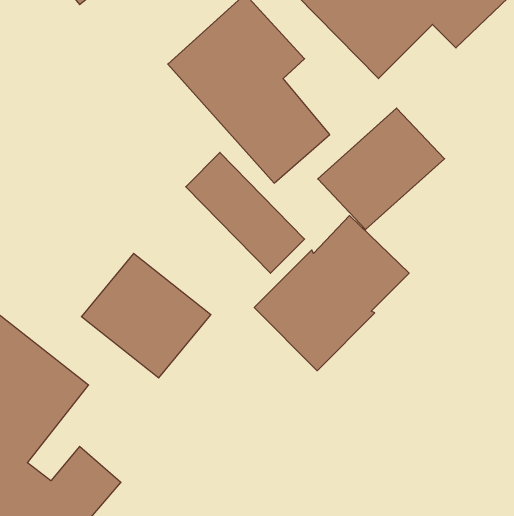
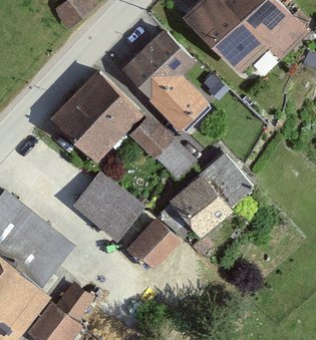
building: none -> [51,70,143,162]
building: [318,108,445,230] -> none
building: none -> [125,218,182,274]

